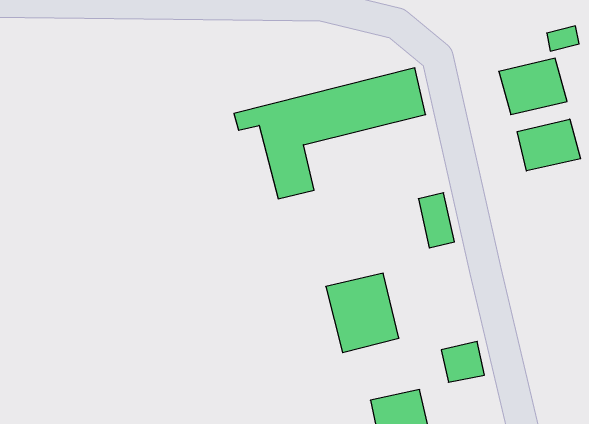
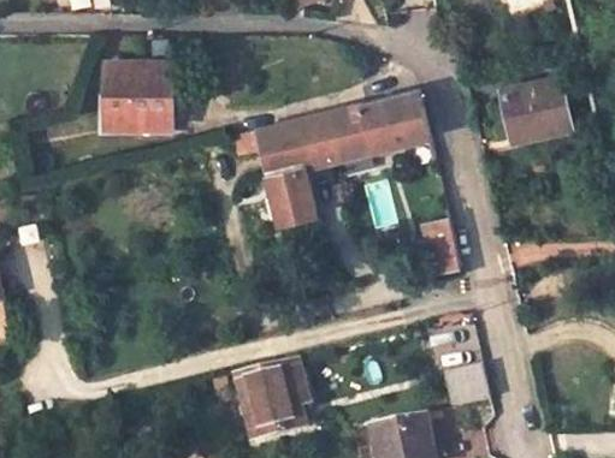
building: none -> [105,60,172,125]
building: [517,119,581,171] -> none
building: [326,273,399,353] -> [237,361,311,440]

